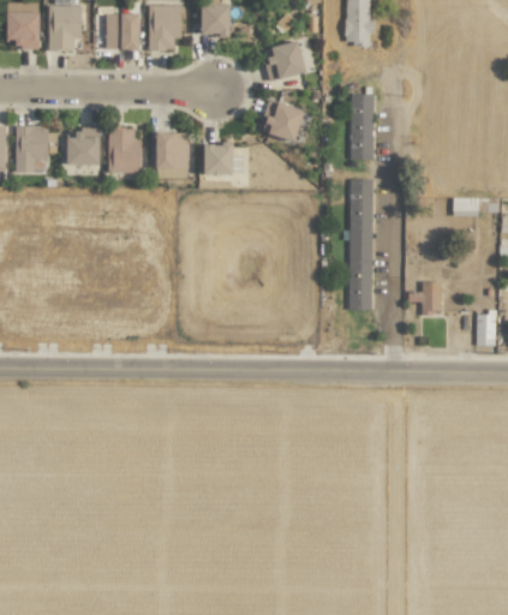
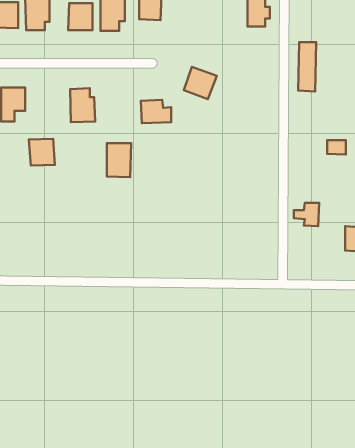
building: [264,40,305,82] -> none
building: [349,94,373,160] -> [298,42,316,91]
building: [65,129,100,165] -> [29,139,55,166]
building: [156,132,189,178] -> [107,143,131,177]
building: [348,179,373,310] -> none

